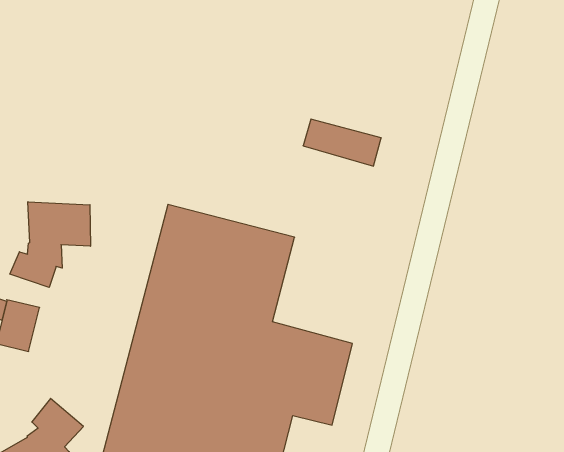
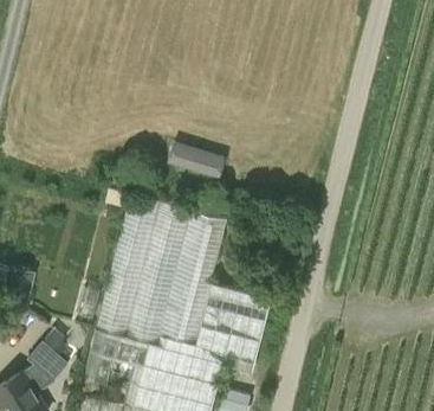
building: [303,119,381,166] -> [168,141,227,176]
building: [10,202,90,287] -> none

